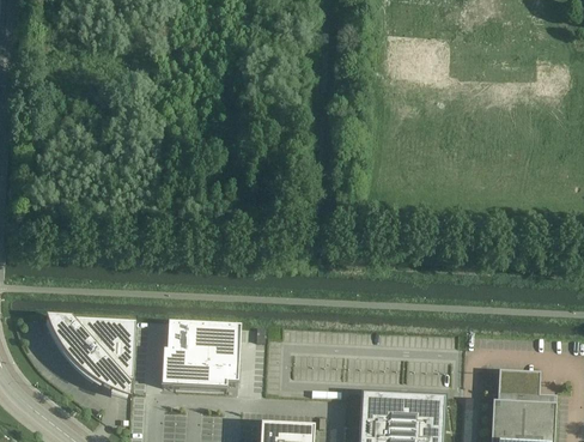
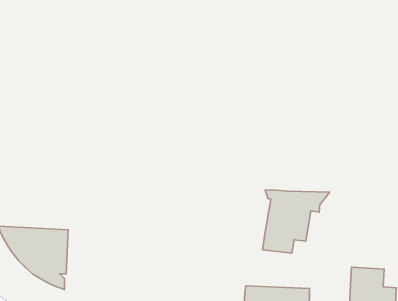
building: none -> [262,190,330,253]
building: [160,320,239,385] -> none

